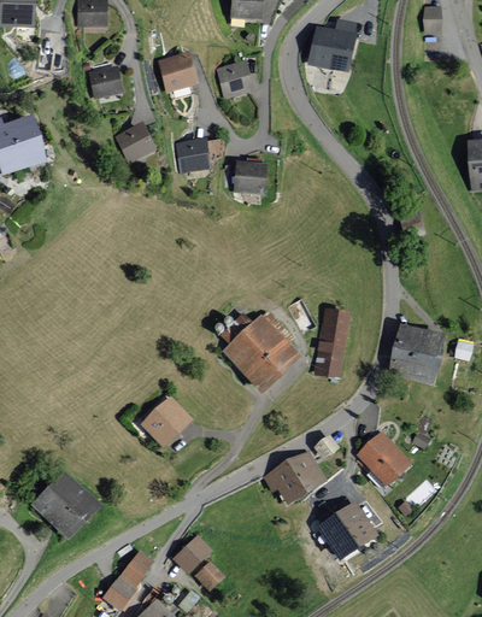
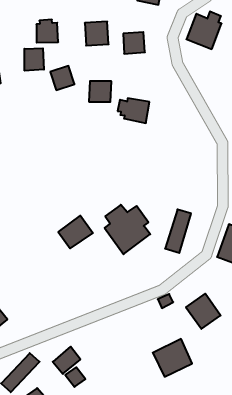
building: none -> [24,48,44,71]
building: [141,394,192,443] -> [58,216,93,248]
building: [263,451,324,503] -> none

